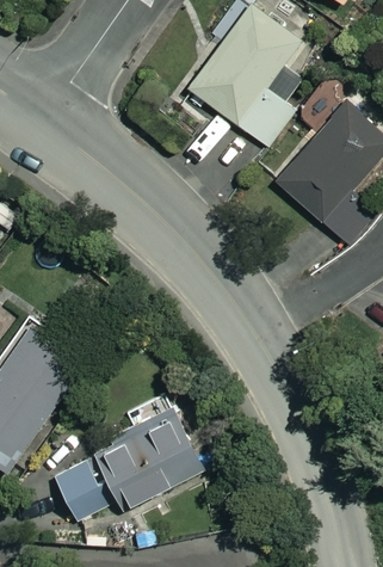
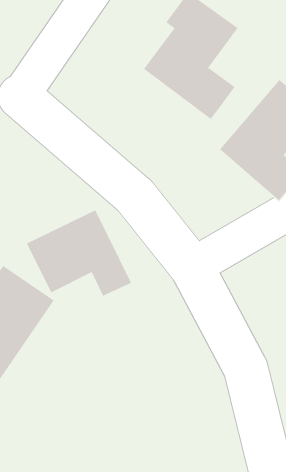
building: none -> [26,209,132,297]
building: [55,395,210,523] -> none

